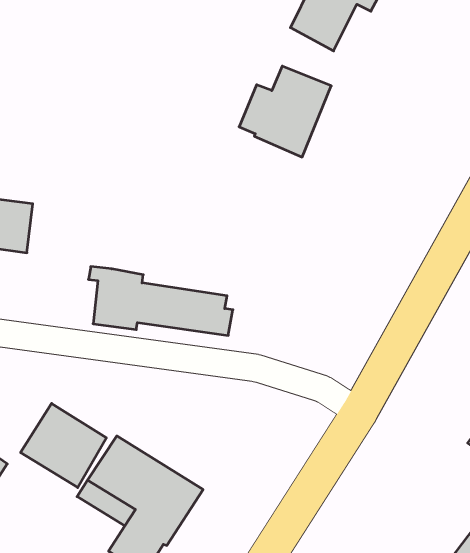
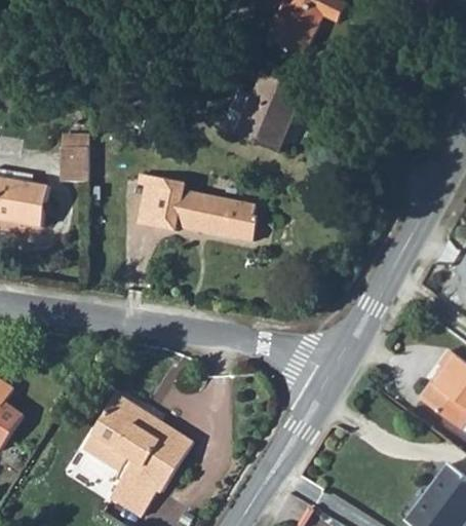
building: none -> [67,148,92,182]
building: [88,267,233,335] -> [126,176,254,236]
building: [21,403,106,488] -> none

